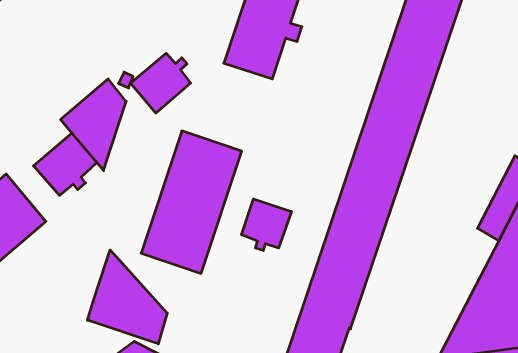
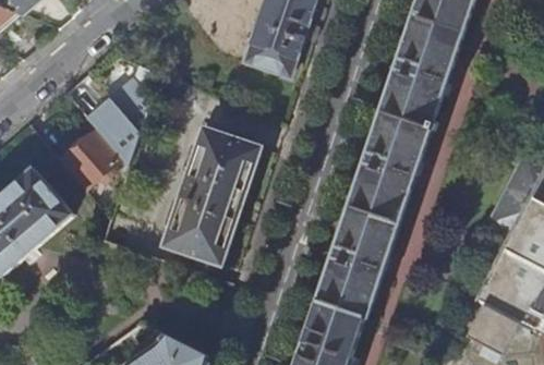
building: [130,53,191,113] -> none
building: [242,199,291,251] -> none
building: [87,250,167,344] -> none

